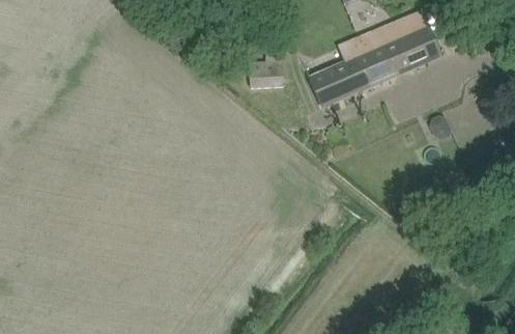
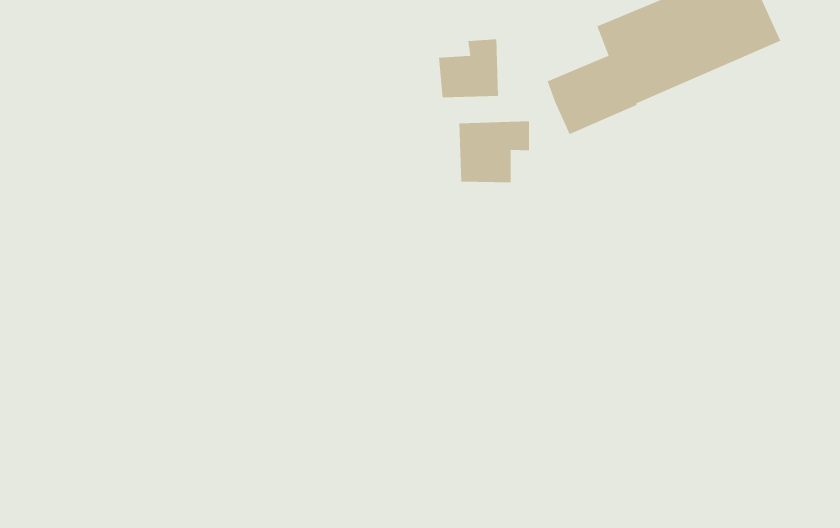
building: none -> [459,120,530,183]

